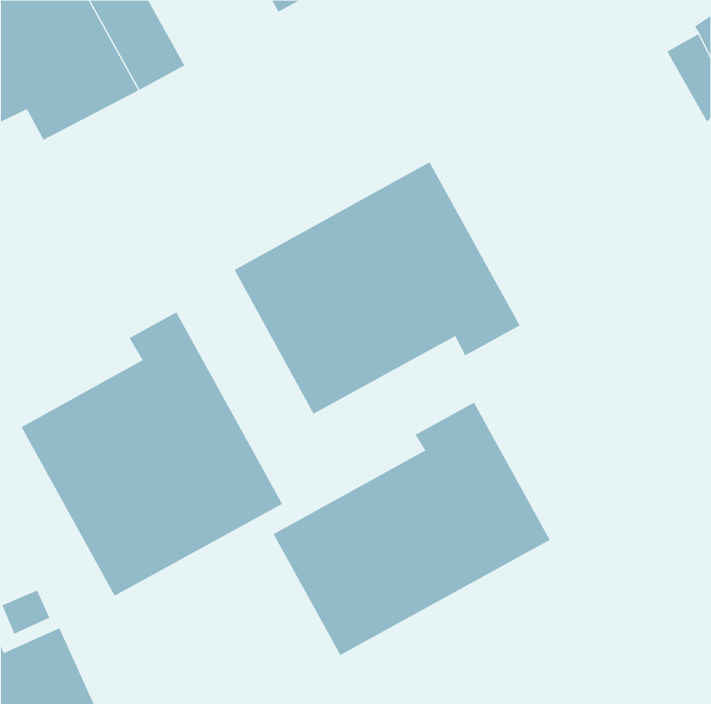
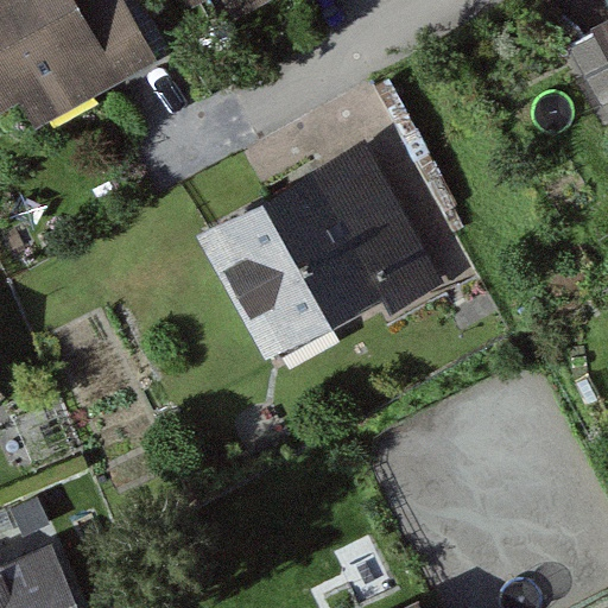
building: [21,312,283,596] -> none
building: [273,402,551,656] -> none

